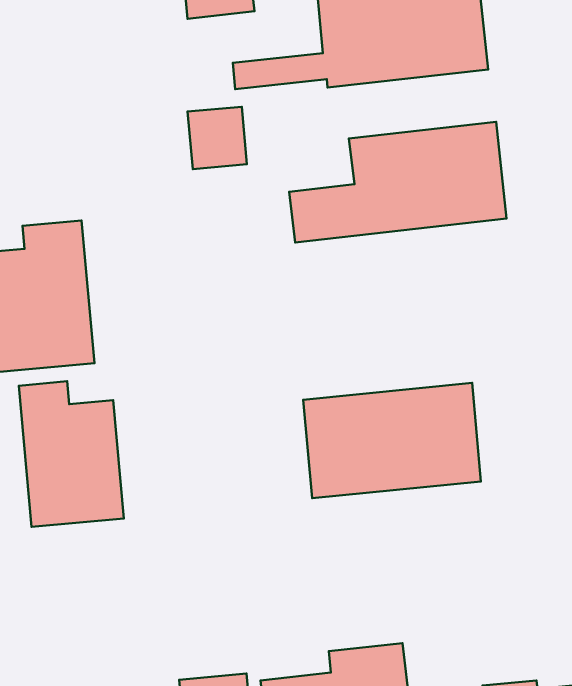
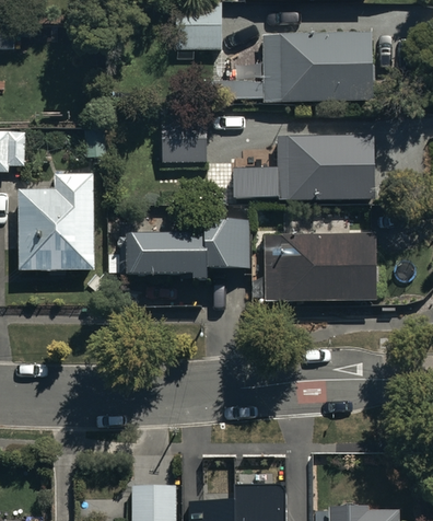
building: none -> [107,212,250,281]
building: [19,381,124,527] -> none
building: [303,383,481,498] -> [264,233,376,300]

